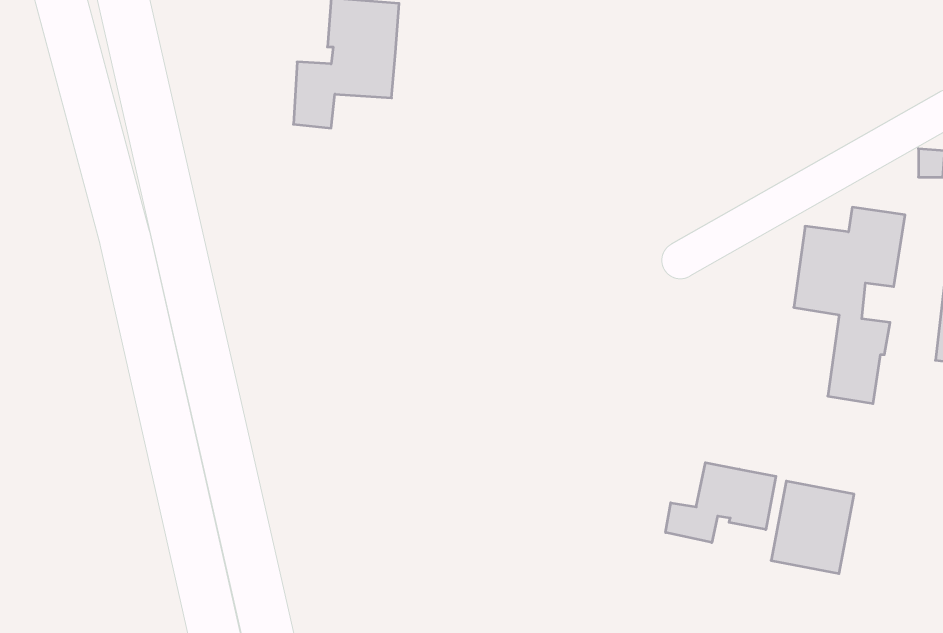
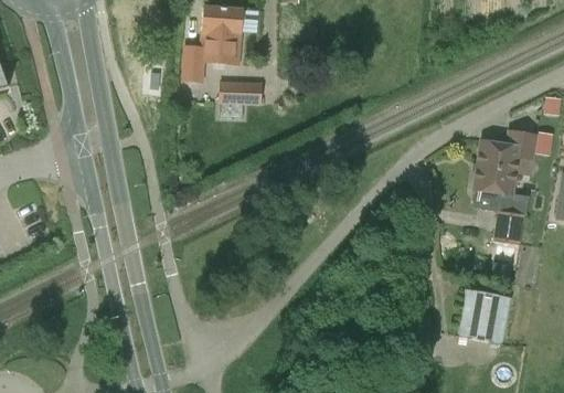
building: none -> [219,81,263,104]
building: [666,463,776,543] -> none

